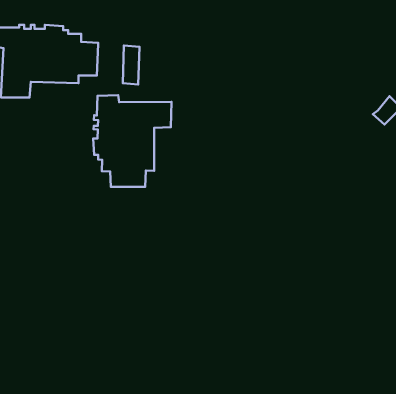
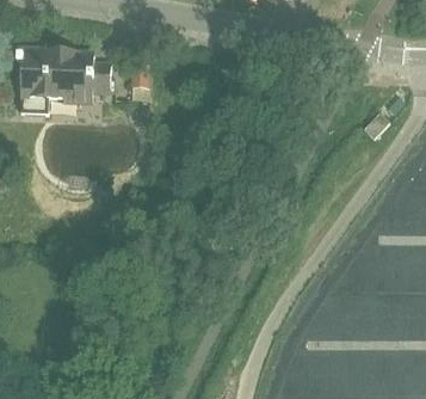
building: [93,95,172,187] -> none

